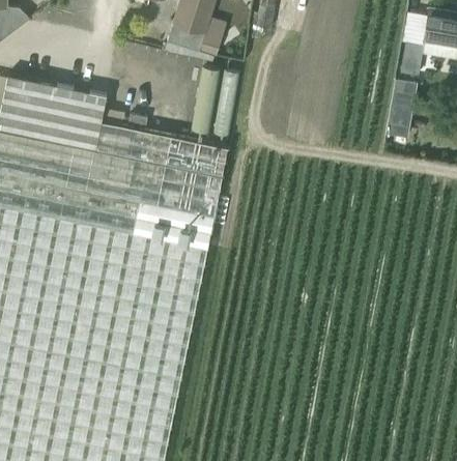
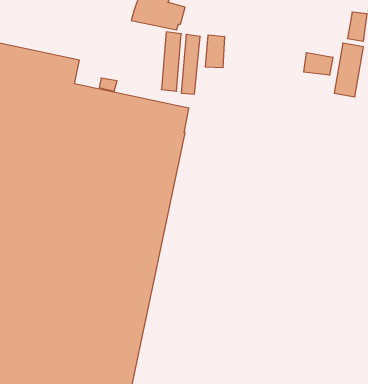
building: none -> [205,35,224,68]
building: none -> [304,53,333,75]

